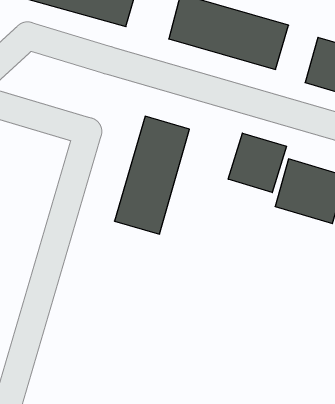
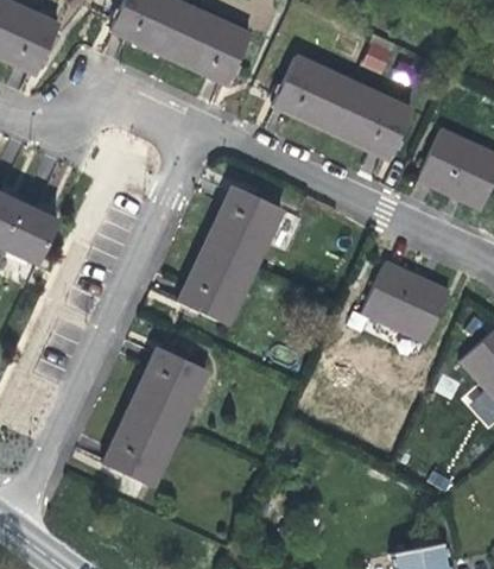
building: [228,133,286,193] -> none
building: none -> [103,348,204,483]

